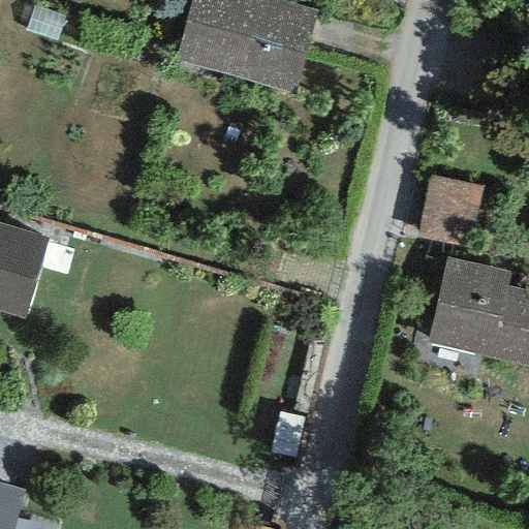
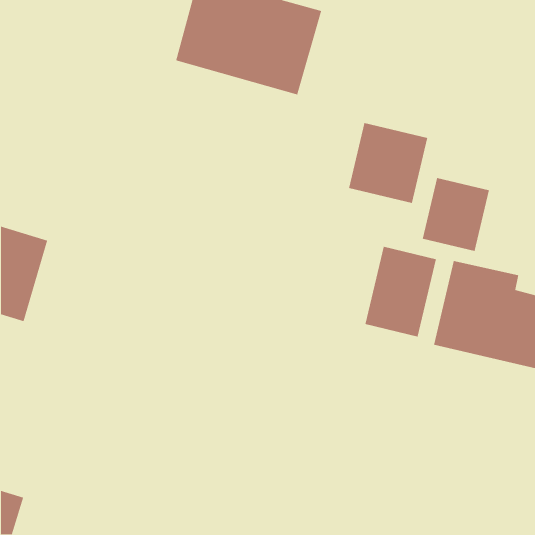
building: none -> [348,122,428,204]
building: none -> [364,246,437,337]

